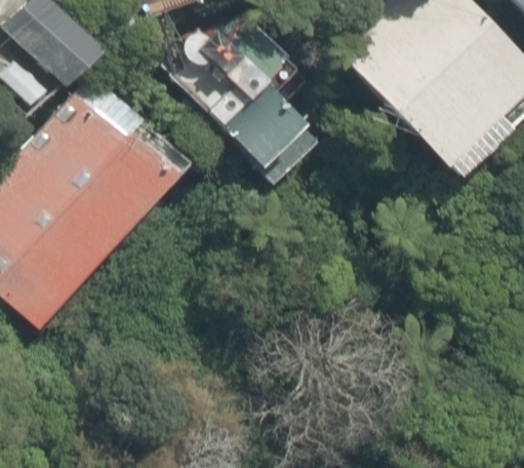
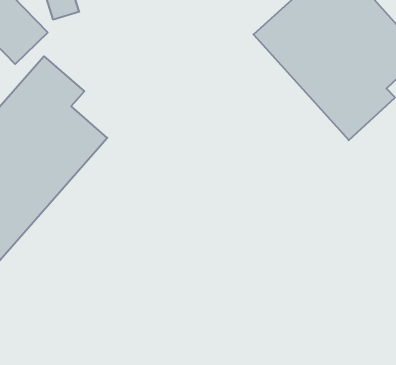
building: [176,21,306,169] -> none

